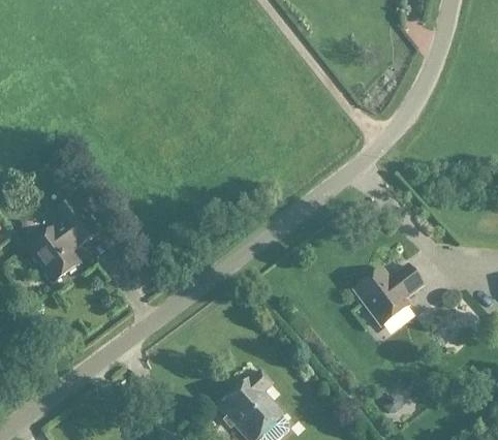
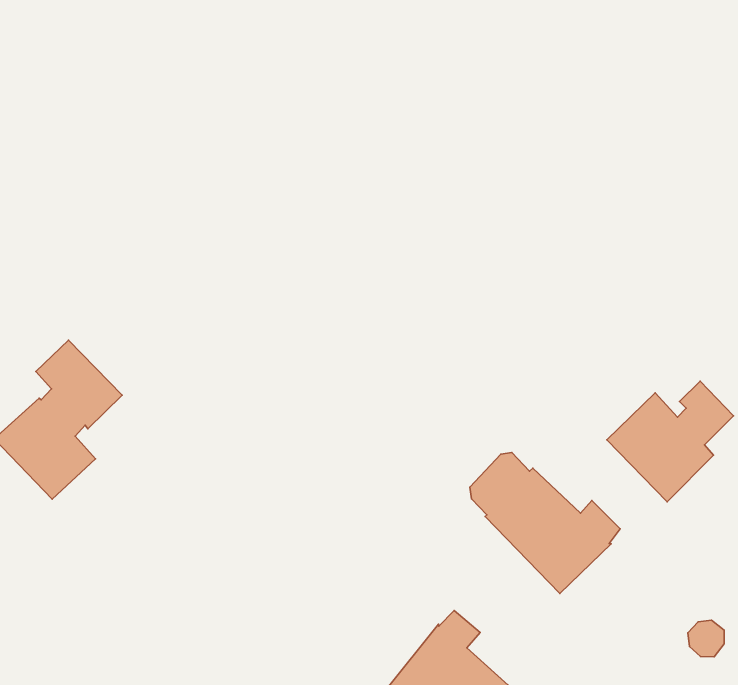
building: none -> [470,453,620,594]

